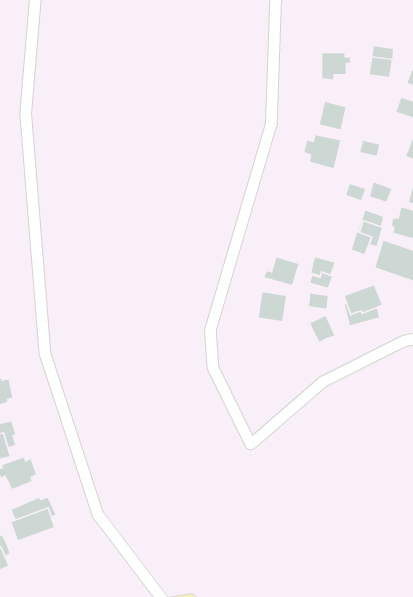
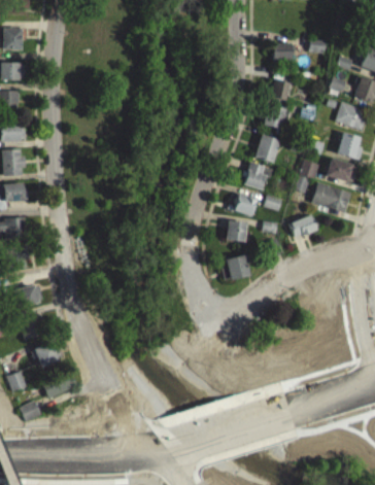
building: none -> [255,133,280,162]
building: none -> [243,162,273,189]
building: none -> [223,253,250,279]

